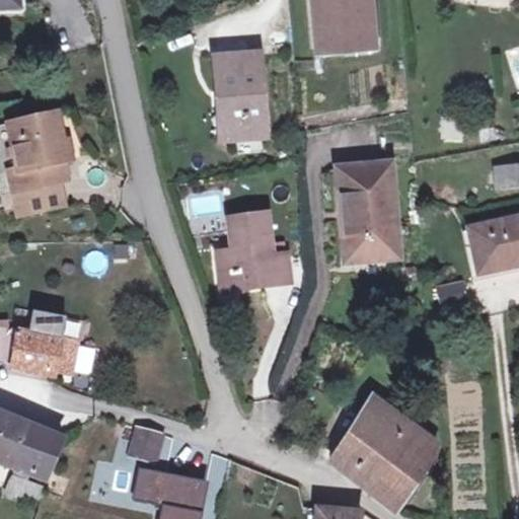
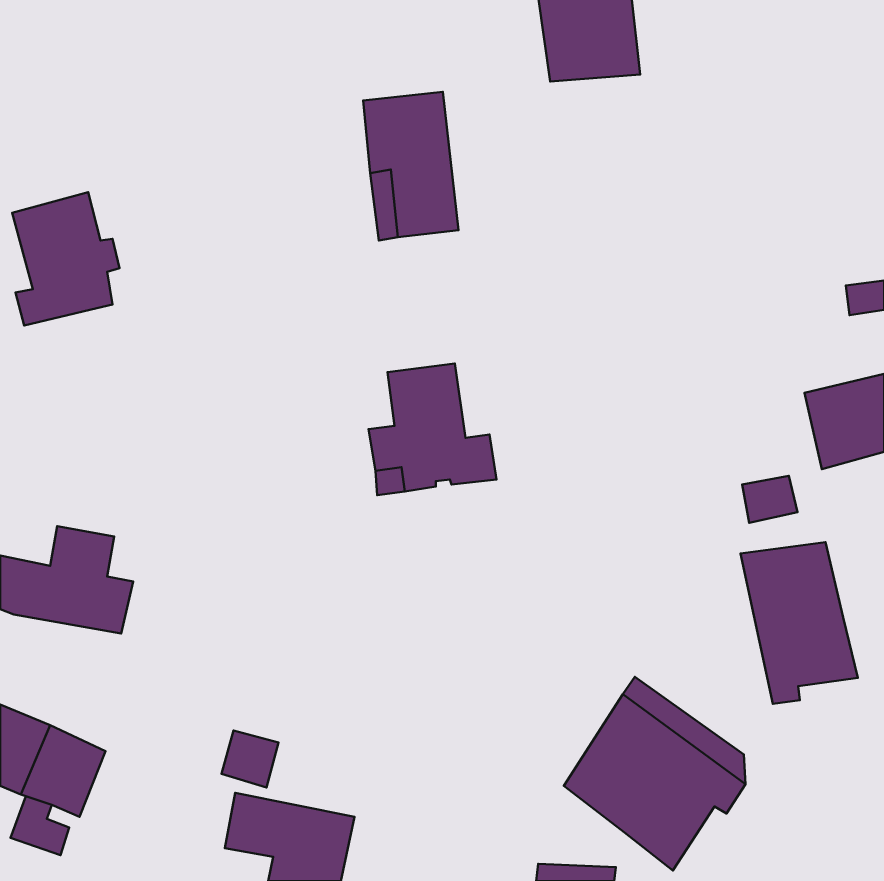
building: [341,162,401,257] -> none
building: [14,180,62,215] -> none
building: none -> [741,542,858,704]

